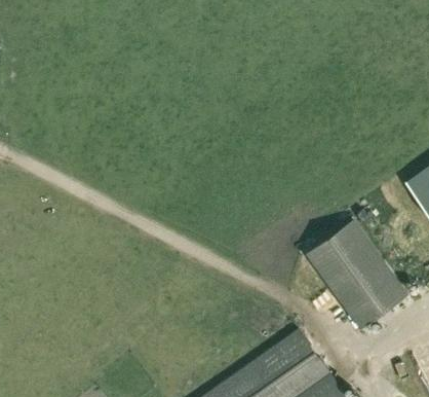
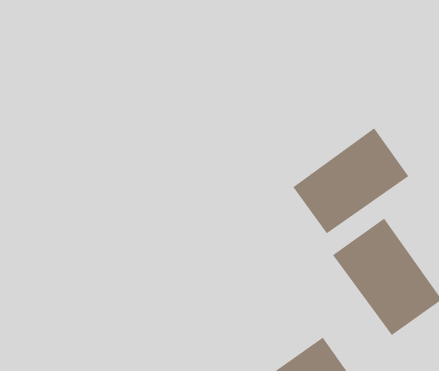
building: none -> [292,128,409,234]

